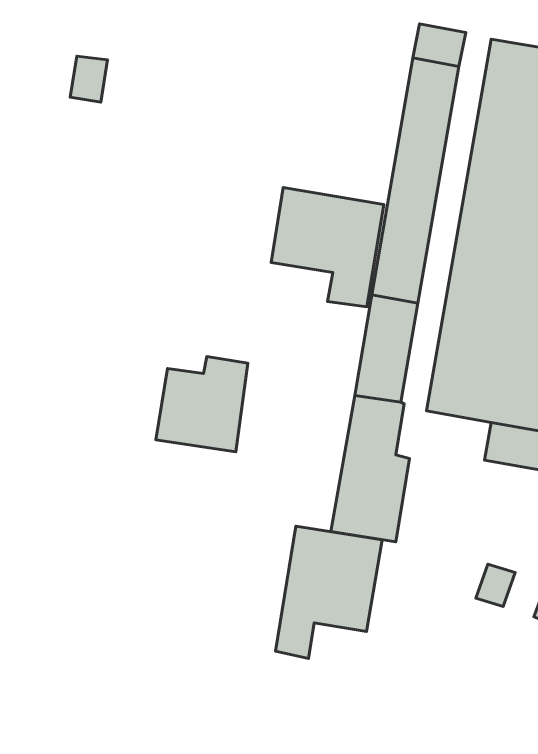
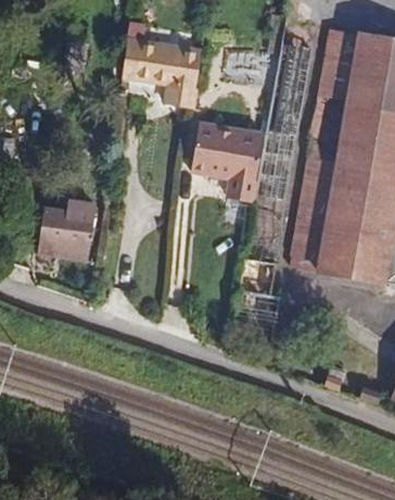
building: none -> [124,38,203,107]
building: [156,356,248,452] -> [37,199,95,260]
building: [275,526,382,658] -> none

